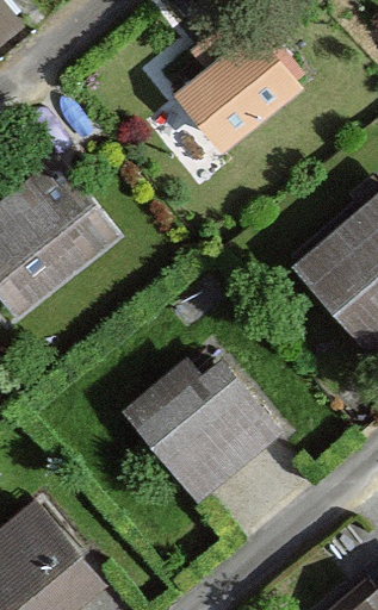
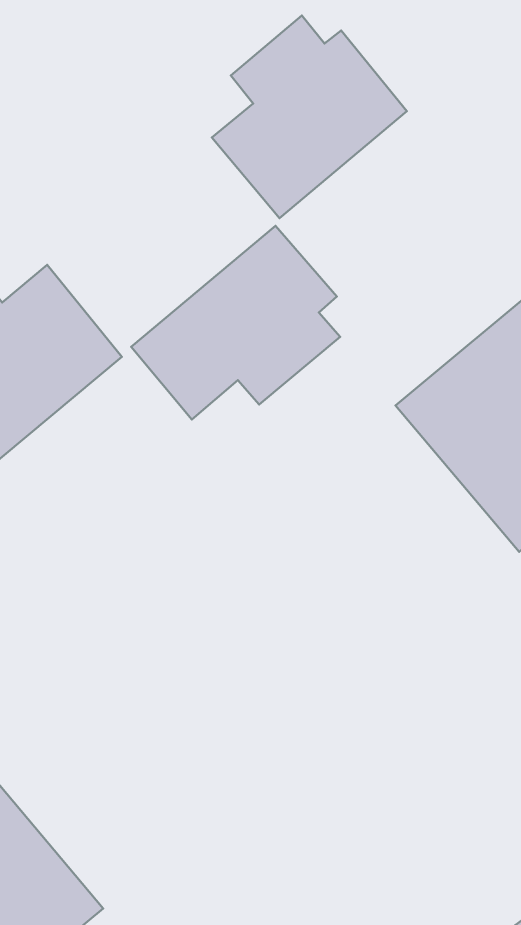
building: none -> [131,226,340,419]
building: [117,359,280,508] -> none

